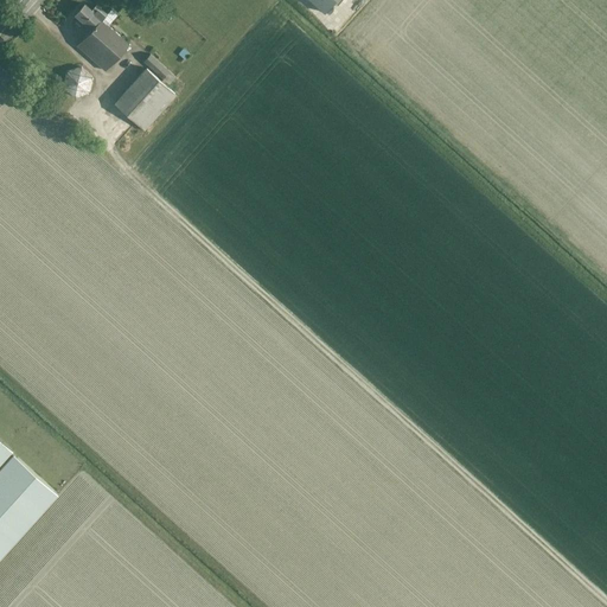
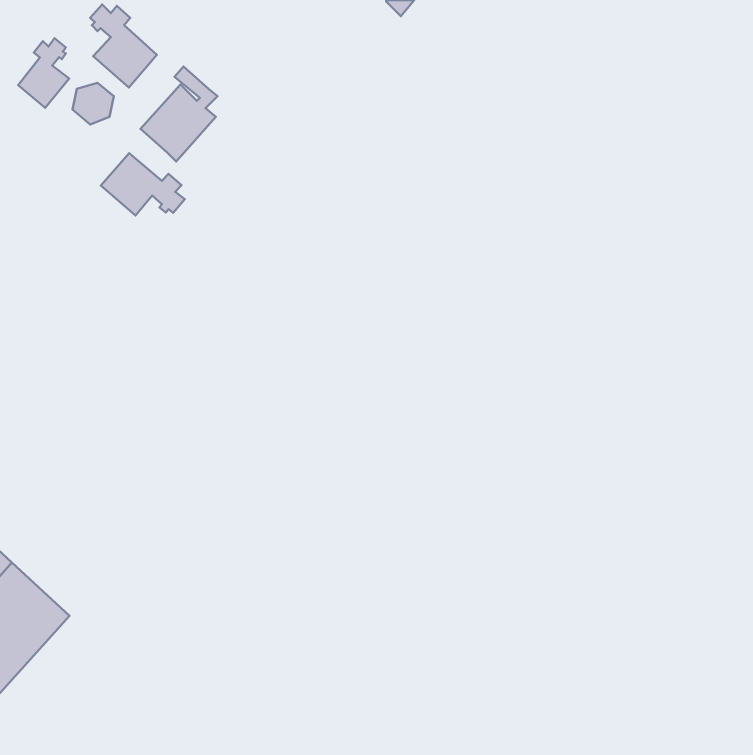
building: none -> [18,38,69,108]
building: none -> [101,153,185,216]

